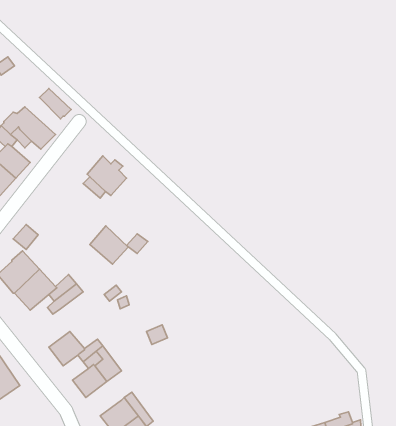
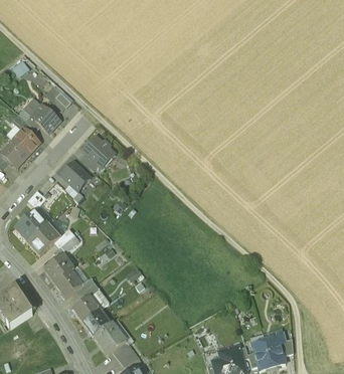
building: [90,226,128,264] -> [60,161,90,190]
building: none -> [42,253,73,283]
building: none -> [81,309,109,335]

